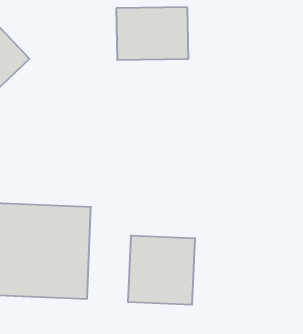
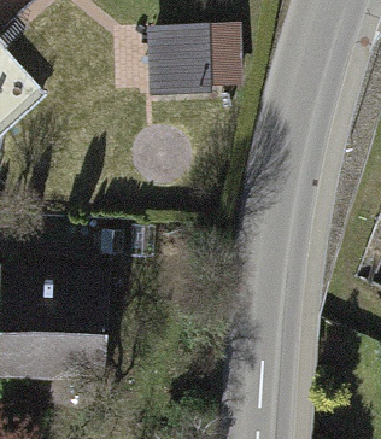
building: [128,235,195,305] -> none

